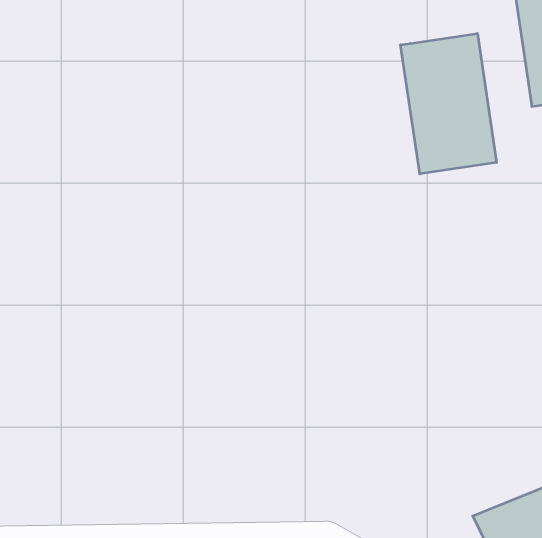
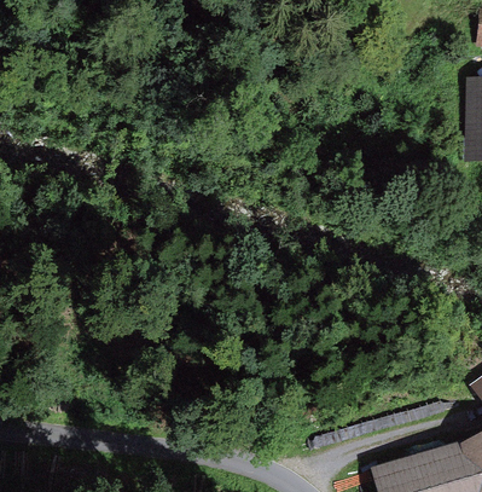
building: [401,33,496,174] -> none

